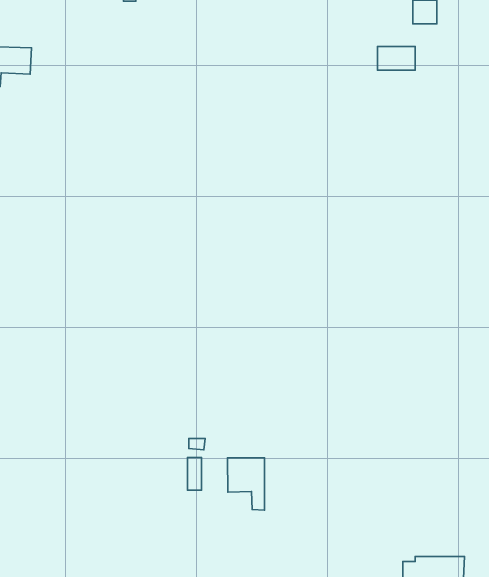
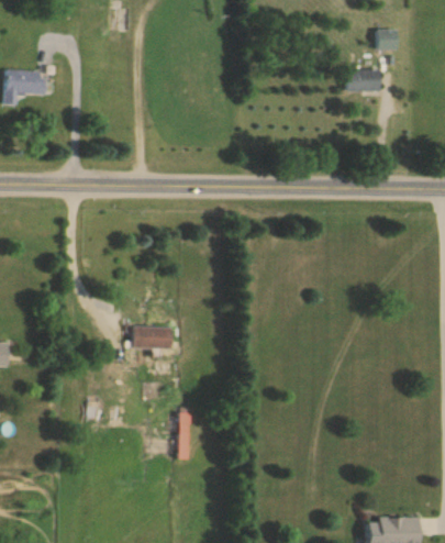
building: none -> [133,326,171,348]
building: [227,458,265,510] -> none

